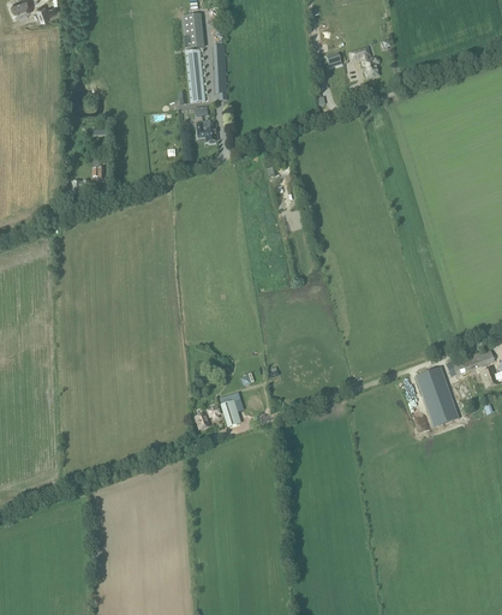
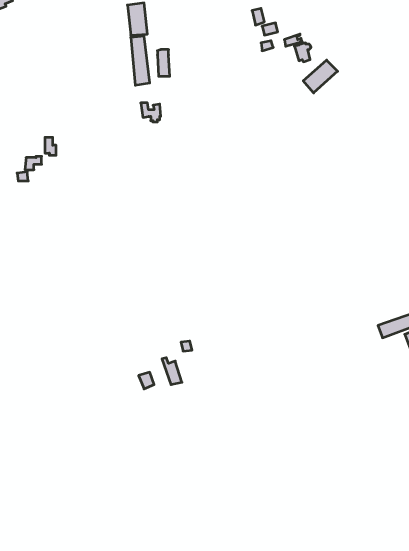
building: none -> [303,60,338,93]
building: [416,365,459,426] -> none

